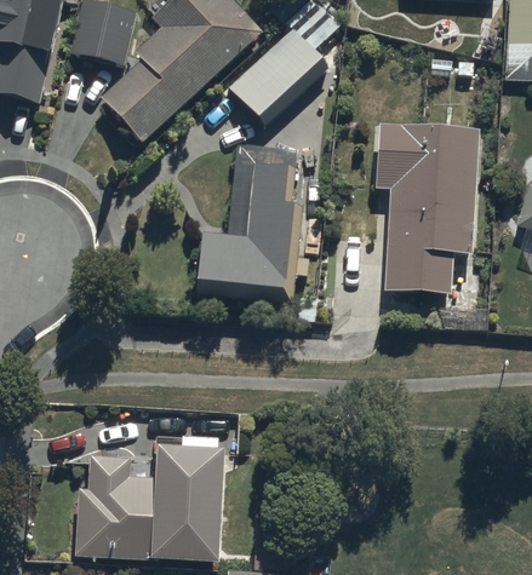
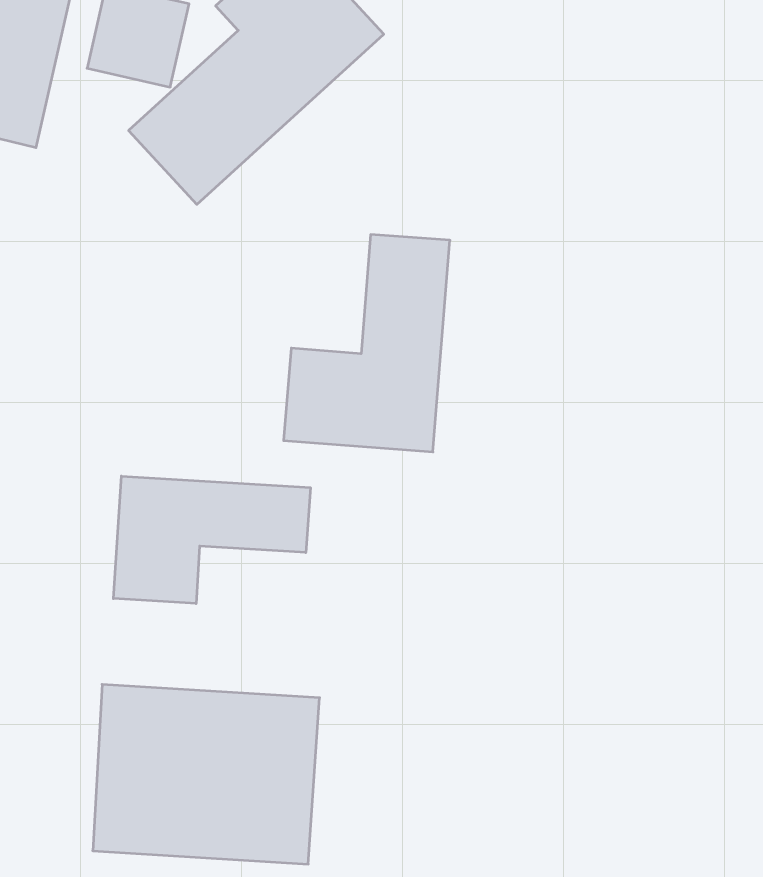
building: [223,34,328,138] -> none
building: [372,119,480,294] -> none
building: none -> [113,476,310,604]

